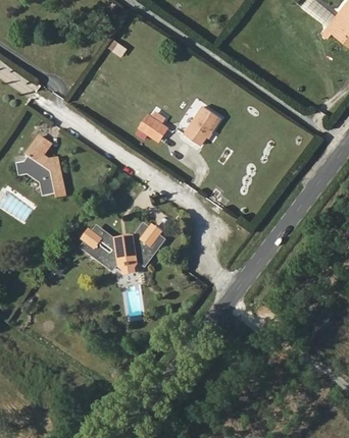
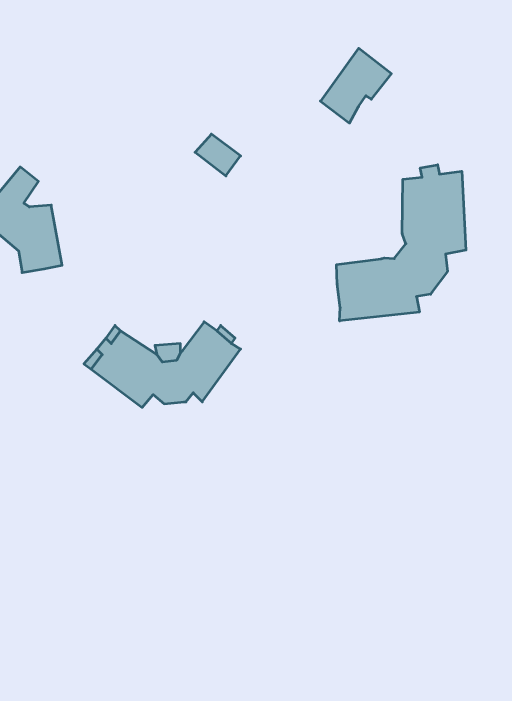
building: [183,105,222,147] -> [320,48,391,123]
building: none -> [337,165,466,321]

